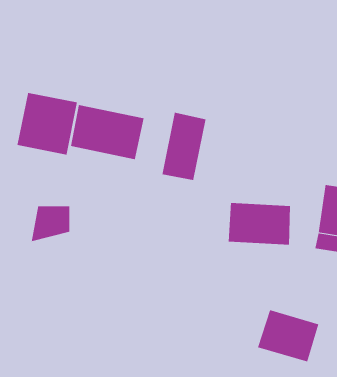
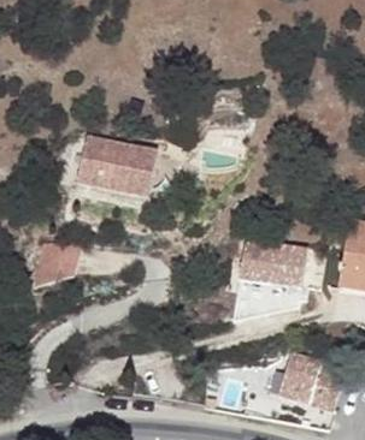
building: [17,92,77,156] -> none
building: [162,112,206,181] -> none

